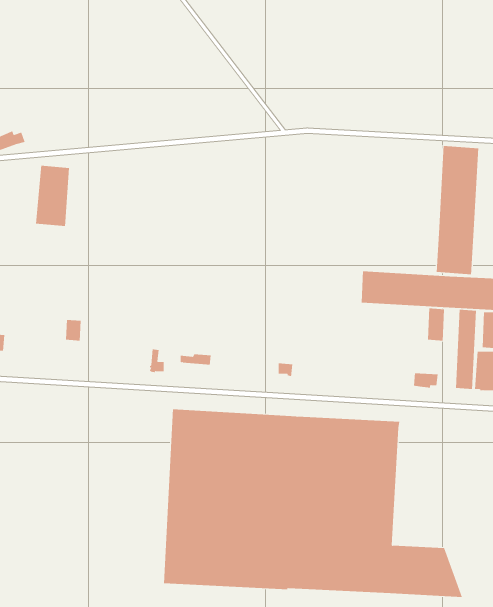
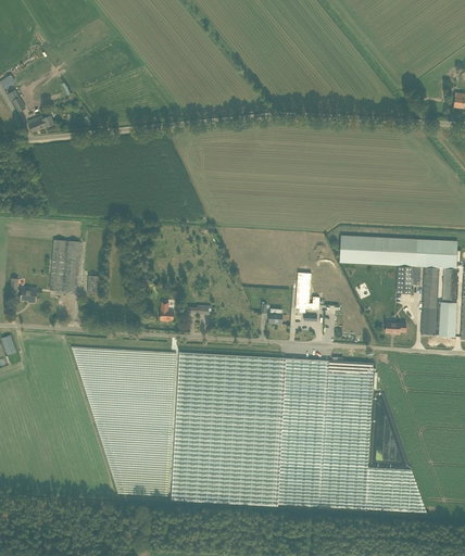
building: [436,145,479,275] -> none
building: [35,165,70,226] -> [50,239,79,291]

